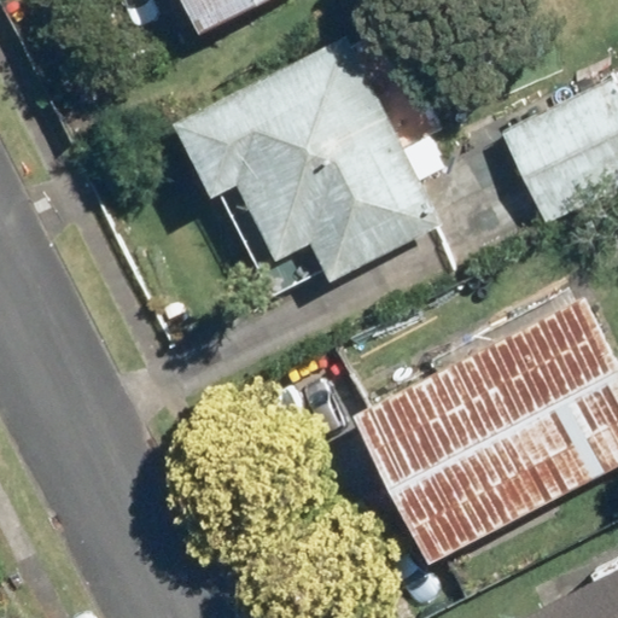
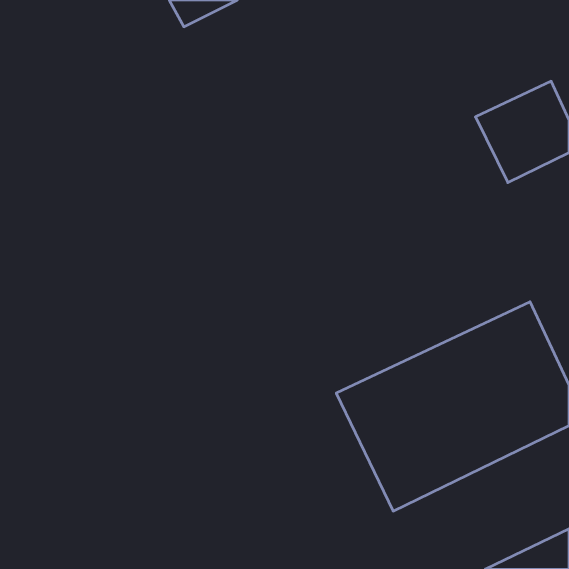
building: [209,58,416,280] -> none

